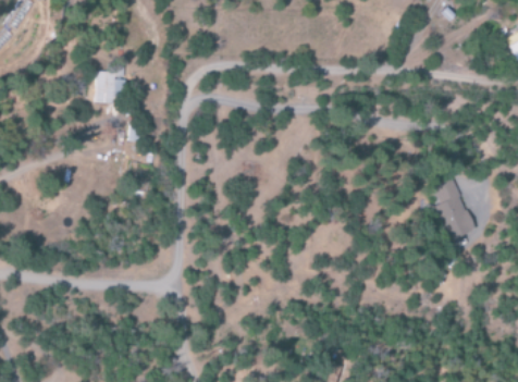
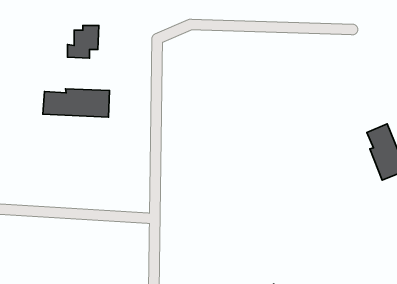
building: none -> [43,89,109,117]

